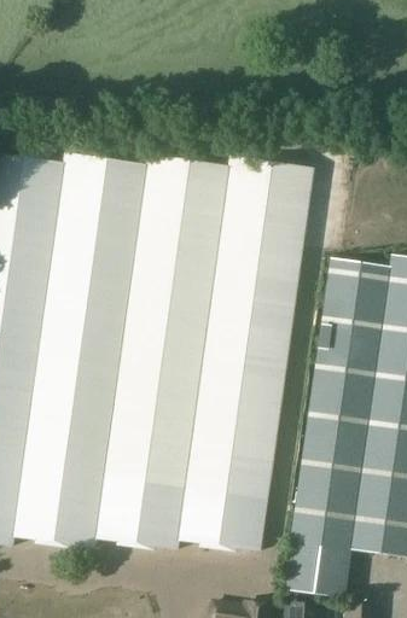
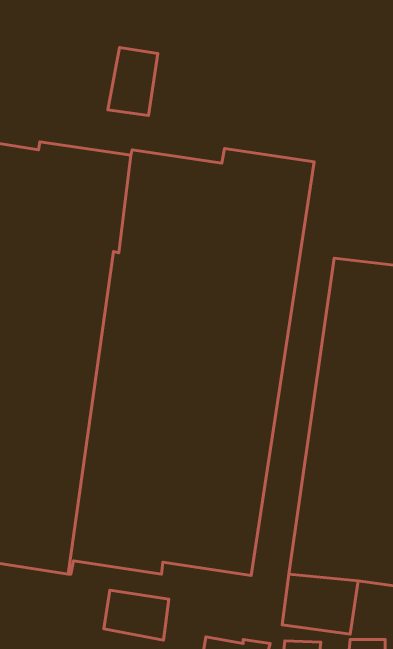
building: none -> [108,47,158,115]
building: none -> [104,590,169,640]

